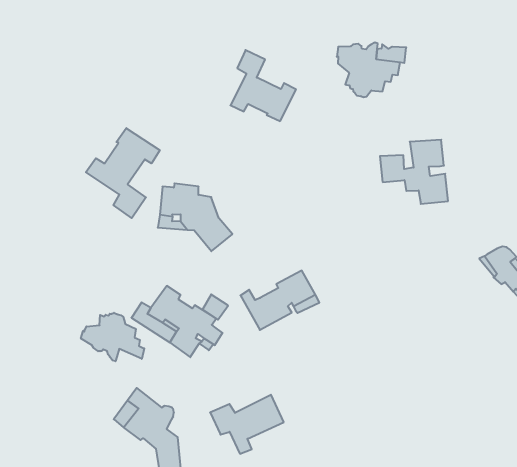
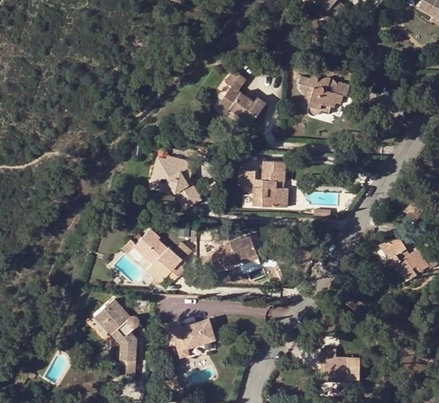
building: [86,128,160,218] -> none
building: [380,140,448,204] -> [237,162,284,209]
building: [81,313,144,361] -> none
building: none -> [319,348,359,379]

